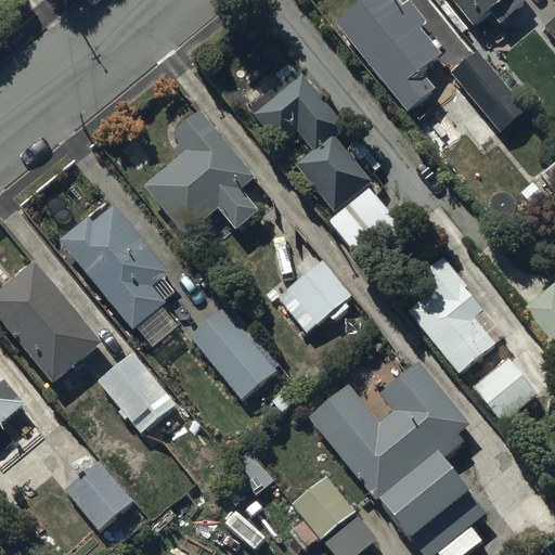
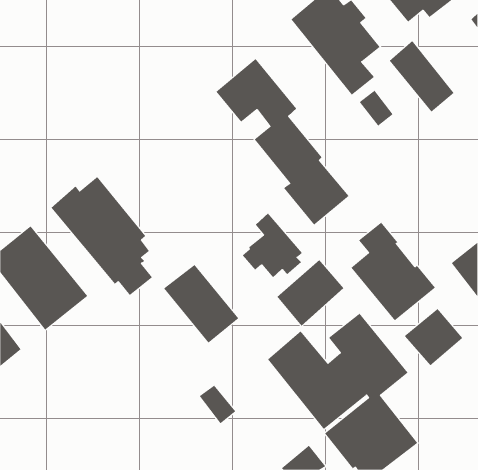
building: [144,111,259,234] -> none
building: none -> [276,259,344,326]
building: [99,349,177,431] -> none
building: [65,461,130,527] -> none
building: [291,473,356,539] -> none

